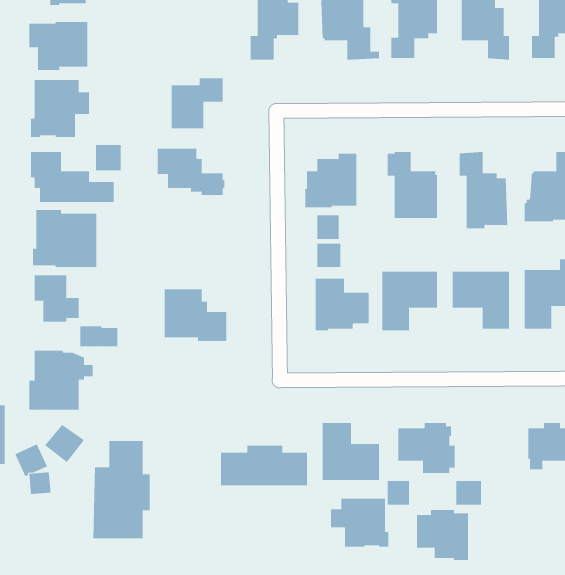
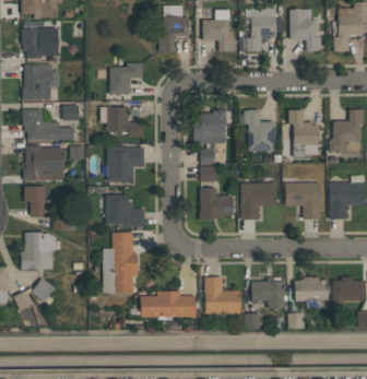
building: none -> [100,147,145,182]
building: [93,440,151,539] -> [103,233,139,294]
building: [331,498,389,548] -> none
building: [416,509,469,560] -> [295,277,328,309]

